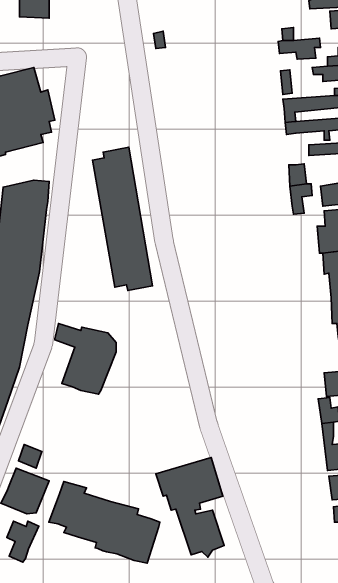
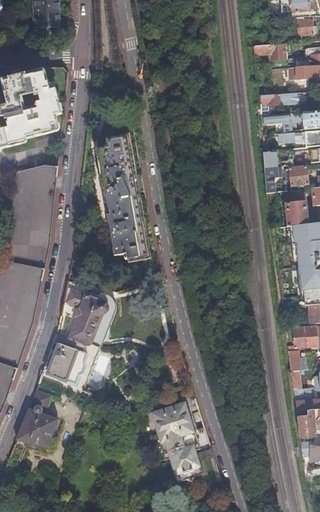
building: none -> [47,340,87,383]
building: [49,482,160,563] -> none
building: [7,521,39,562] -> none

